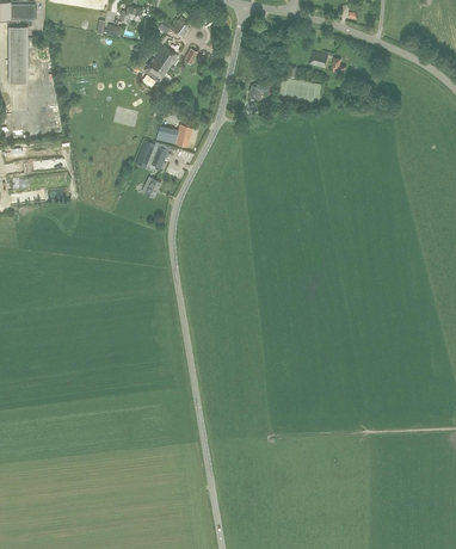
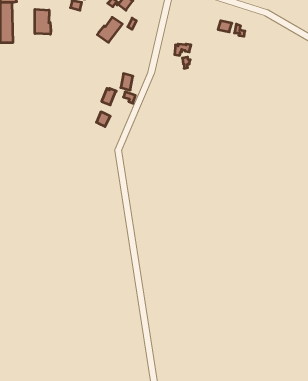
building: none -> [35,9,51,34]

